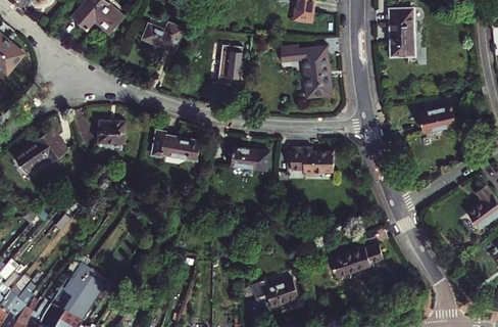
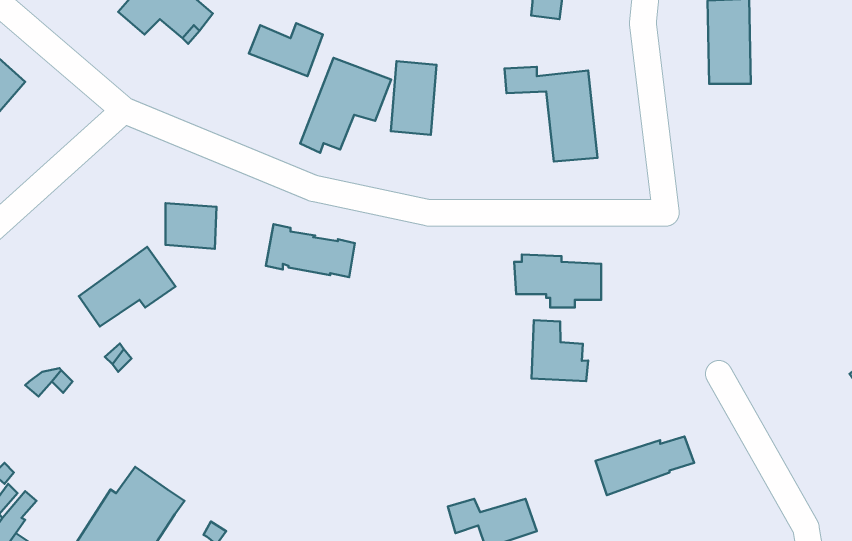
building: none -> [300,58,391,153]
building: [418,105,456,132] -> none
building: [15,129,67,172] -> [79,247,176,326]
building: [231,146,257,169] -> none
building: none -> [531,320,588,381]

